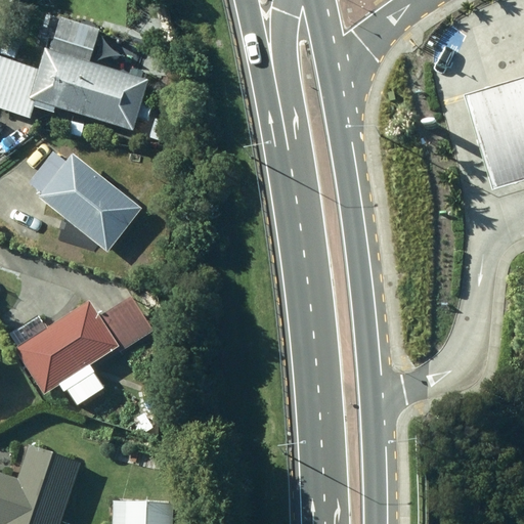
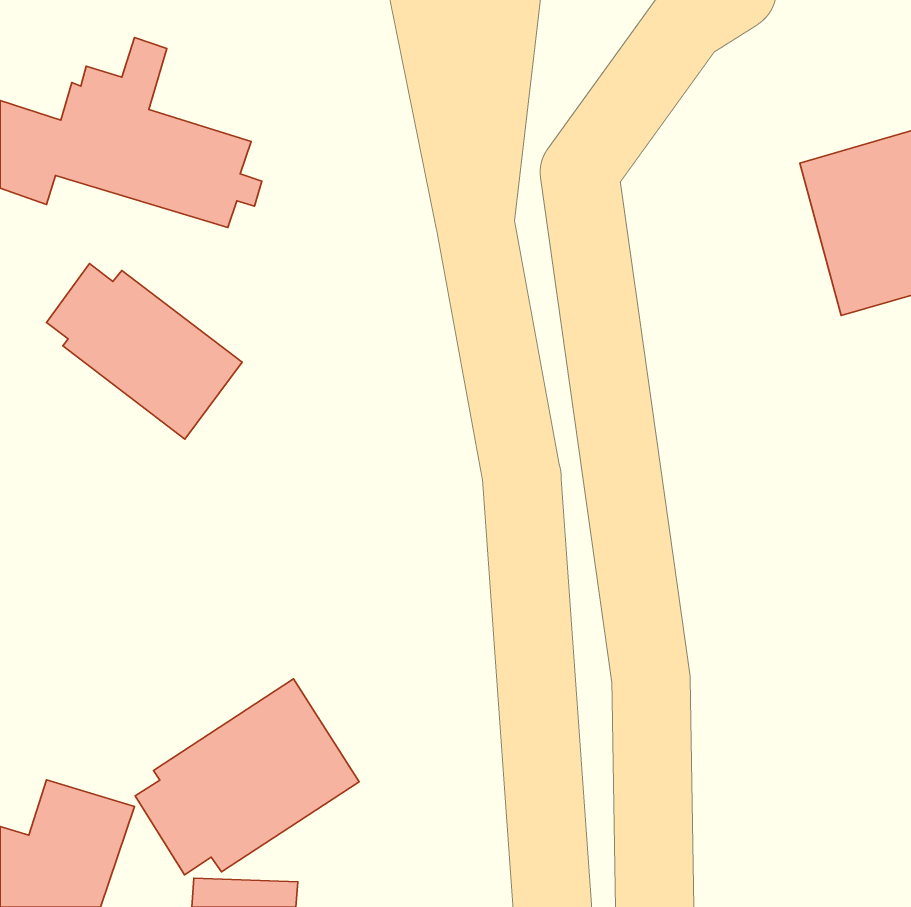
building: [14,293,154,394] -> none
building: none -> [135,679,359,875]

